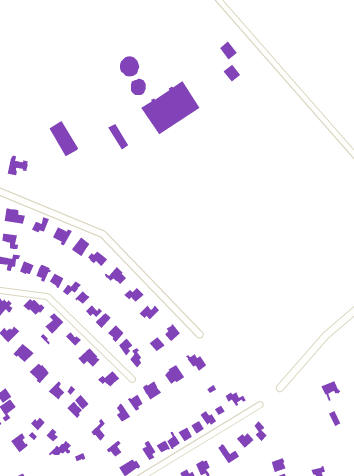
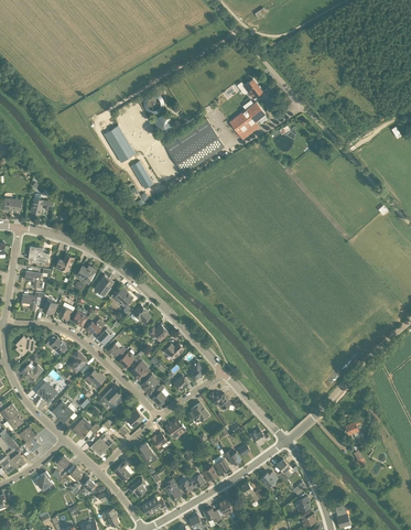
building: none -> [229,108,259,138]
building: [49,120,79,157] -> [104,125,134,162]

